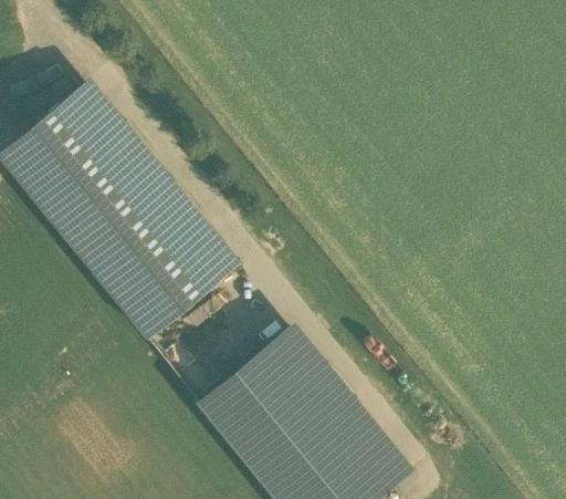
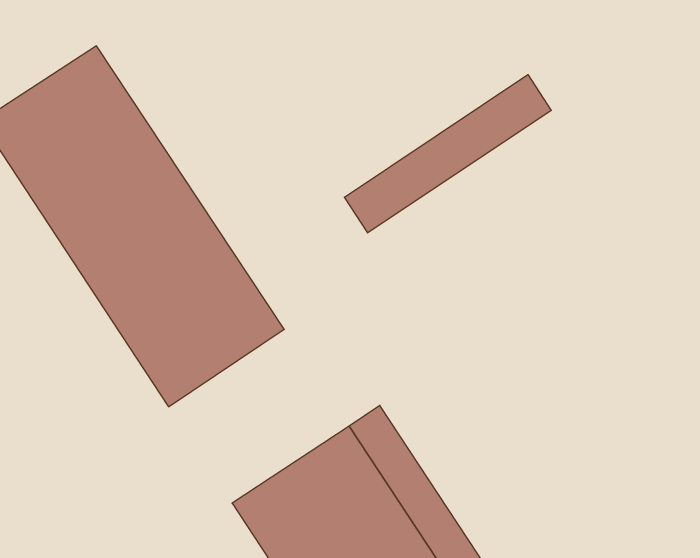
building: [73,80,241,279] -> none
building: none -> [344,75,551,233]

